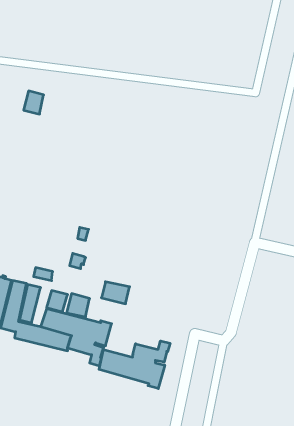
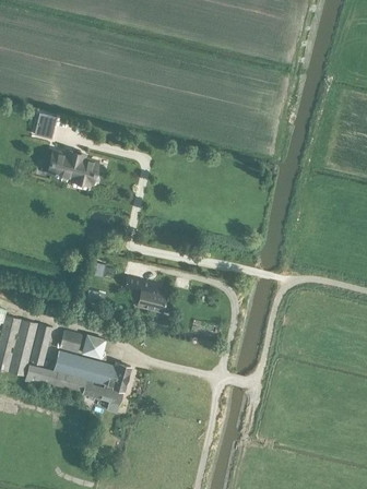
building: none -> [49,150,99,183]
building: [101,282,130,304] -> [137,287,167,311]
building: [99,341,170,389] -> none

